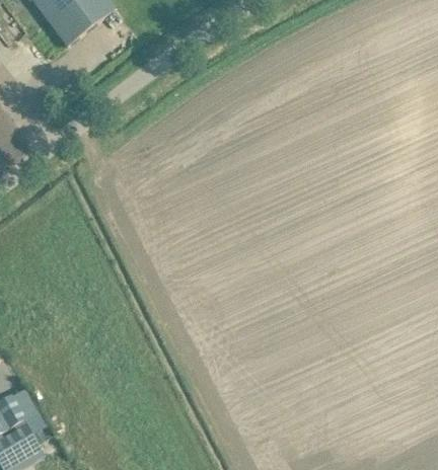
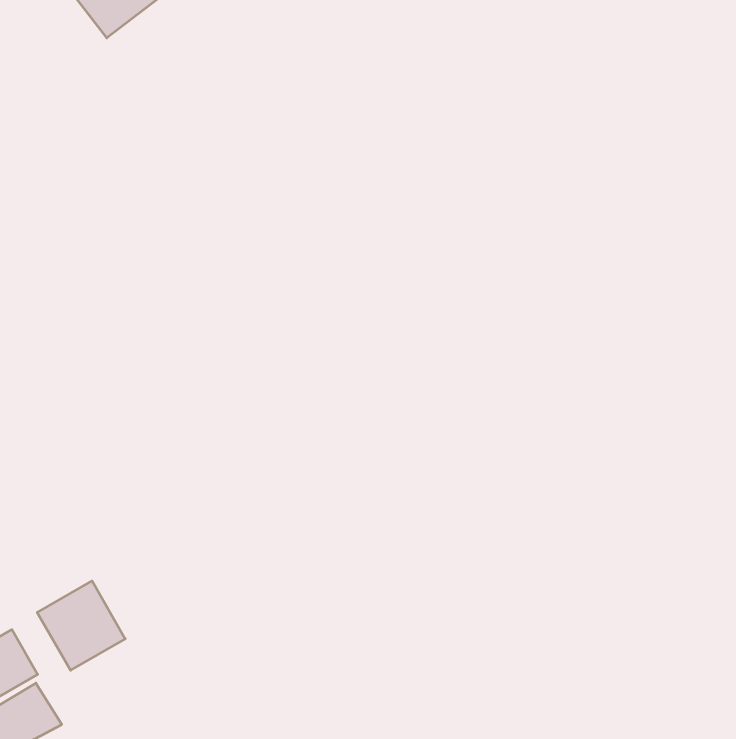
building: none -> [37,581,125,670]

